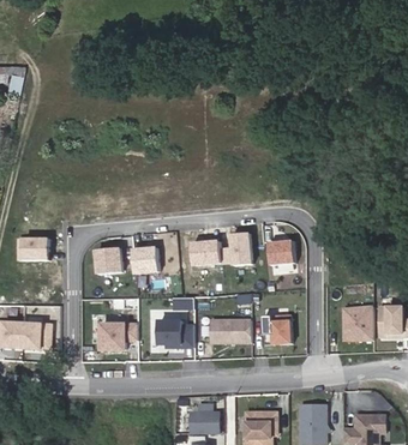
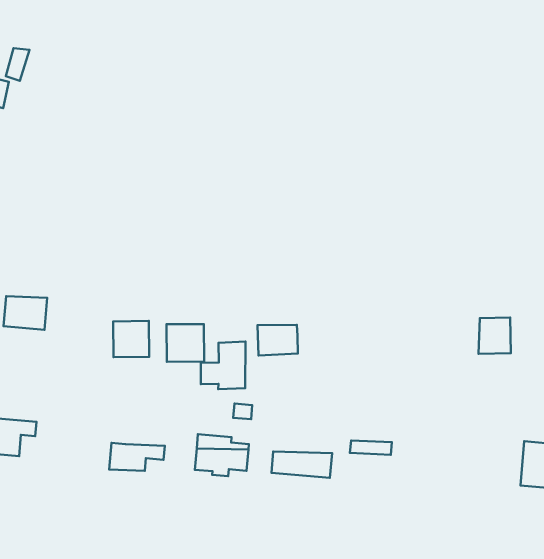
building: [220,231,251,265] -> [201,342,246,389]
building: [271,240,294,266] -> [479,317,511,354]
building: [342,307,372,338] -> none
building: [262,323,290,344] -> none

